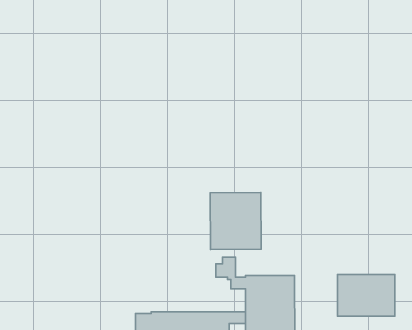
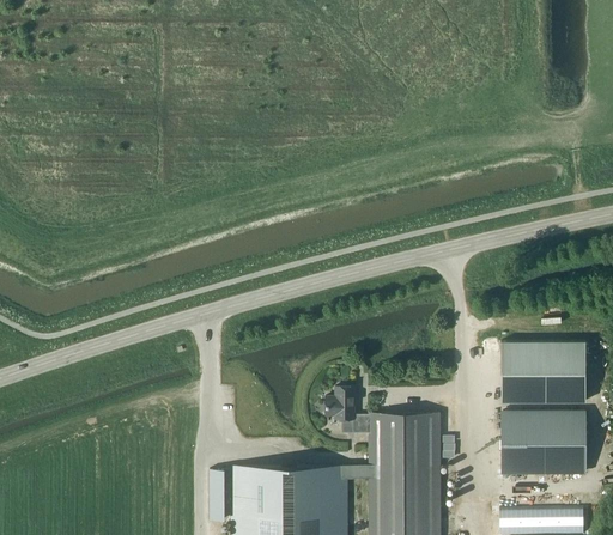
building: [210,193,261,250] -> none
building: none -> [502,341,587,403]

